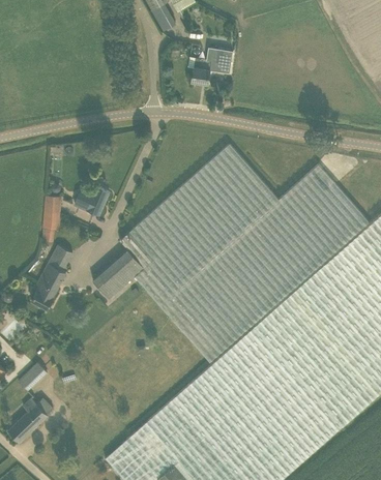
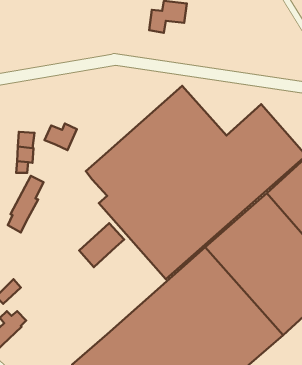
building: [93,249,144,299] -> [79,223,124,267]

